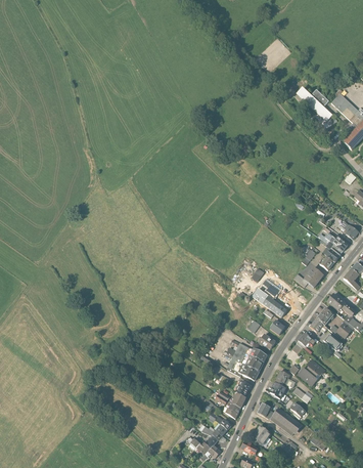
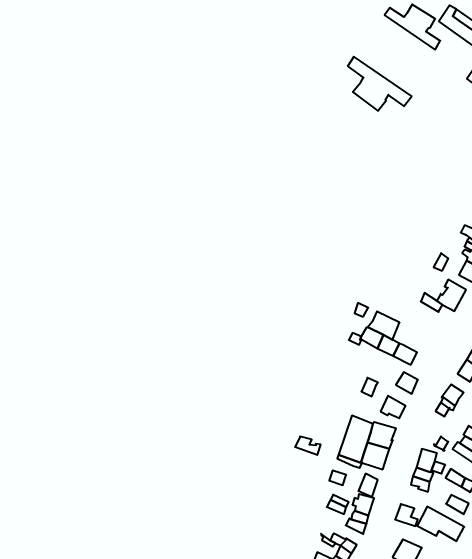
building: none -> [348,57,412,111]

